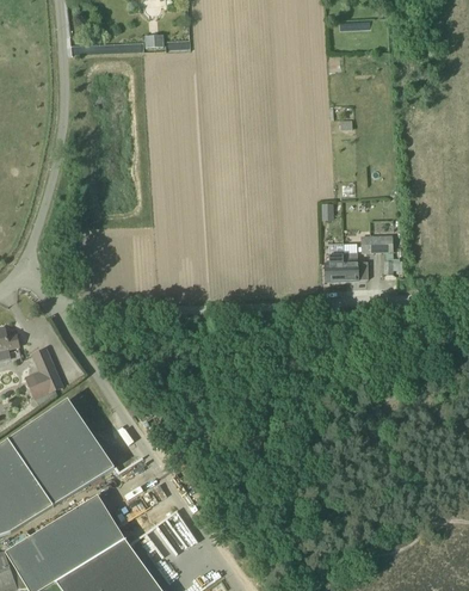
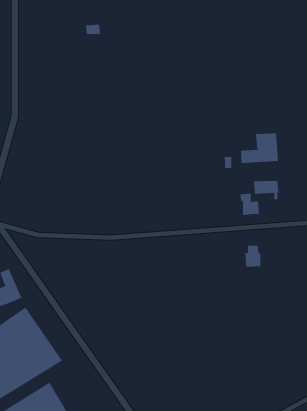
building: none -> [241,133,279,164]
building: [325,253,346,282] -> [244,245,261,267]

